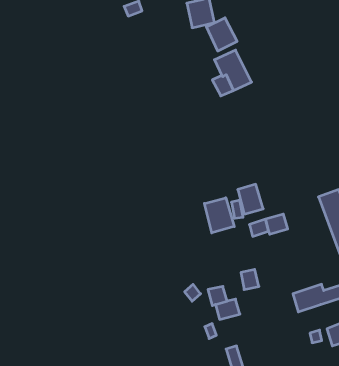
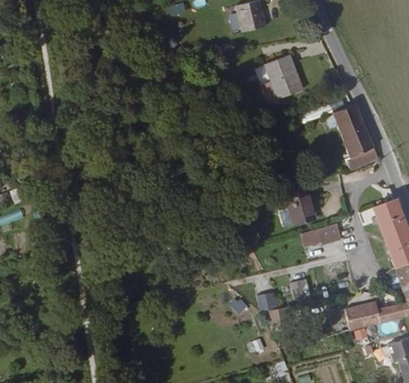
building: [206,18,237,51] -> none
building: none -> [333,103,379,170]
building: [204,198,234,233] -> none

